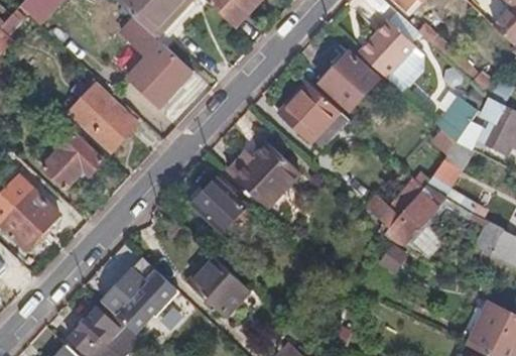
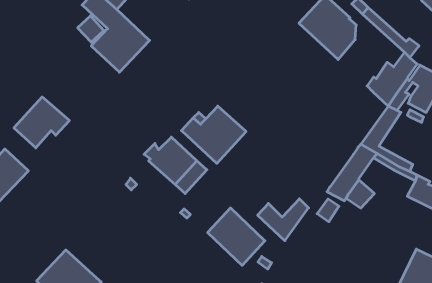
building: [320,53,377,110] -> none
building: [278,82,339,143] -> none
building: [69,85,140,152] -> none
building: [362,188,418,234] -> [258,199,309,241]
building: [184,252,248,316] -> [208,208,265,265]
building: [100,257,179,335] -> none

